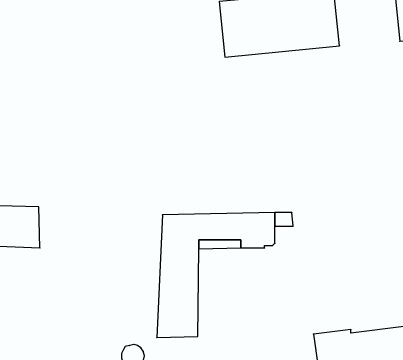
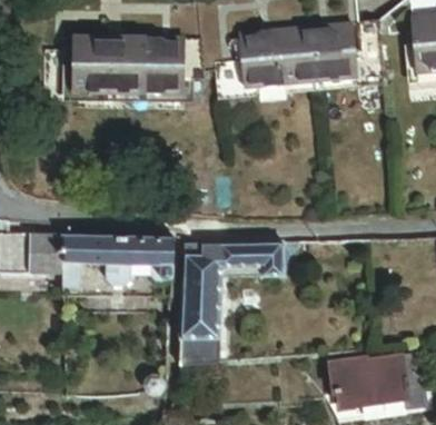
building: none -> [72,38,185,93]
building: none -> [62,236,174,287]

